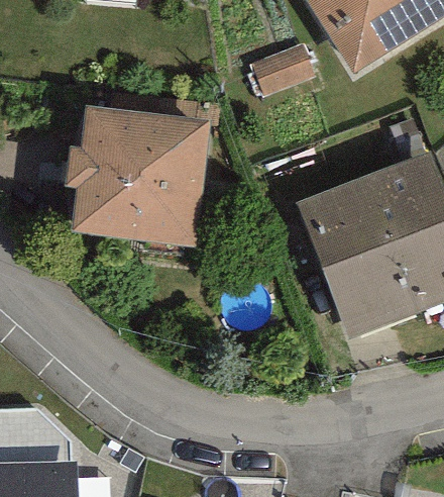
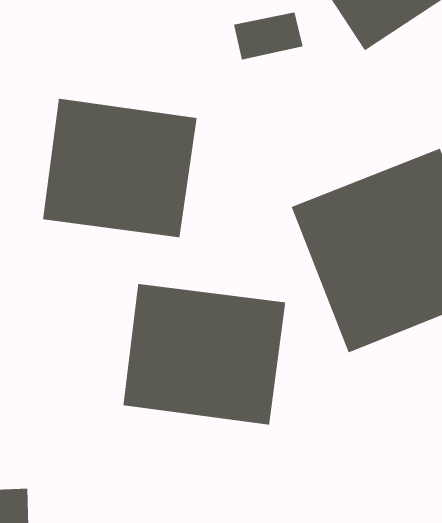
building: none -> [123,283,286,425]

